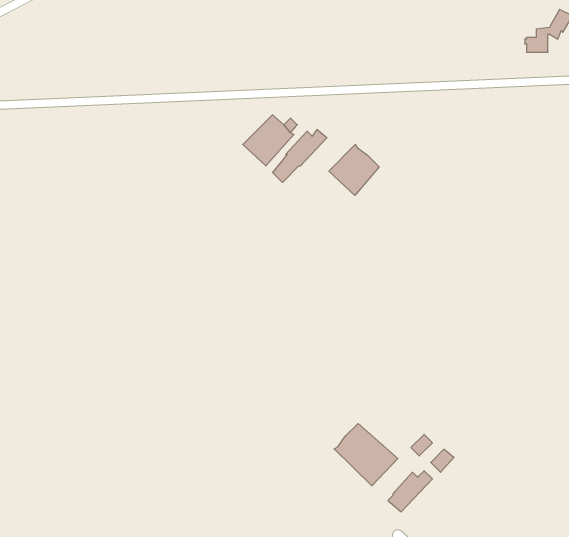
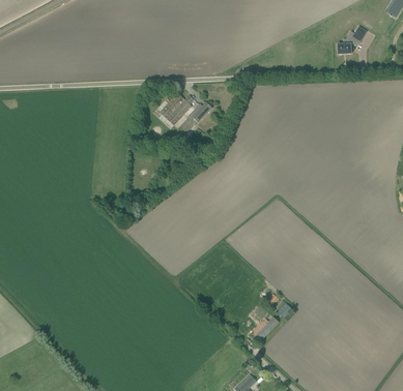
building: [329,144,379,195] -> none
building: [334,424,398,486] -> none

